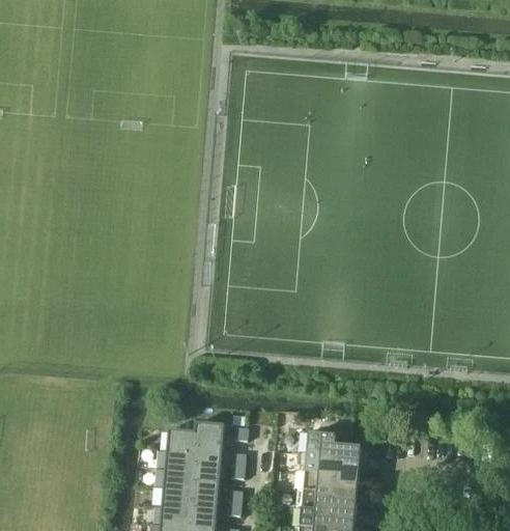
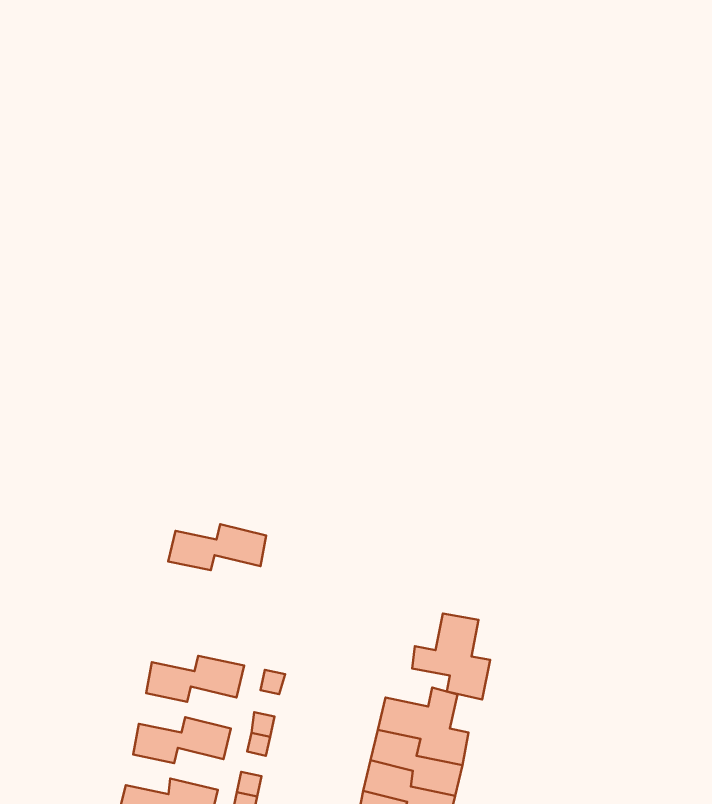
building: none -> [412,614,490,699]
building: [164,446,220,474] -> [168,524,266,570]
building: [161,483,217,511] -> none

